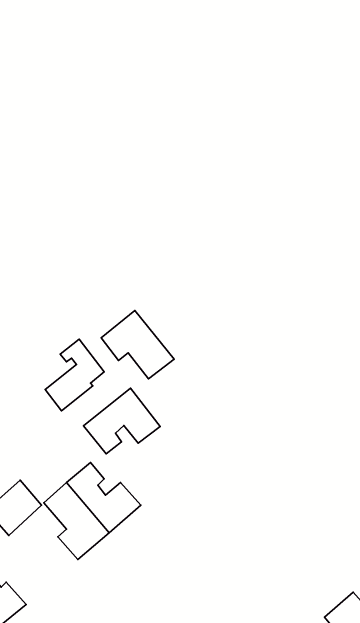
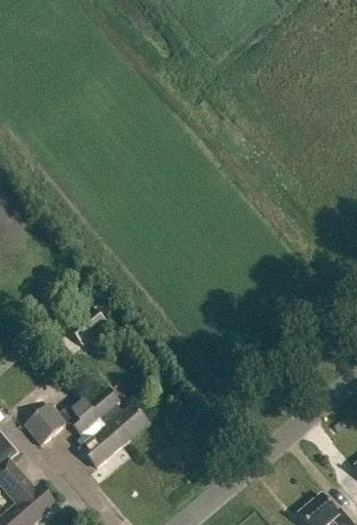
building: [101,310,174,379] -> none
building: [83,388,160,454] -> none

